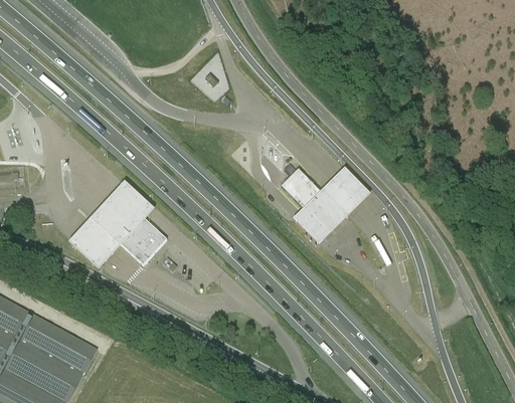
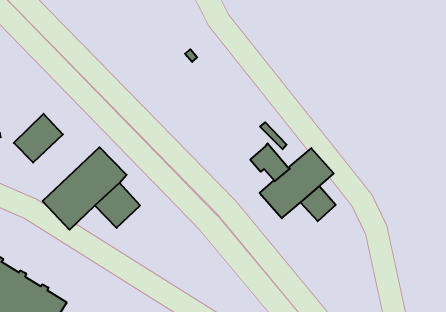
building: none -> [14,114,63,163]
building: none -> [301,186,336,221]

